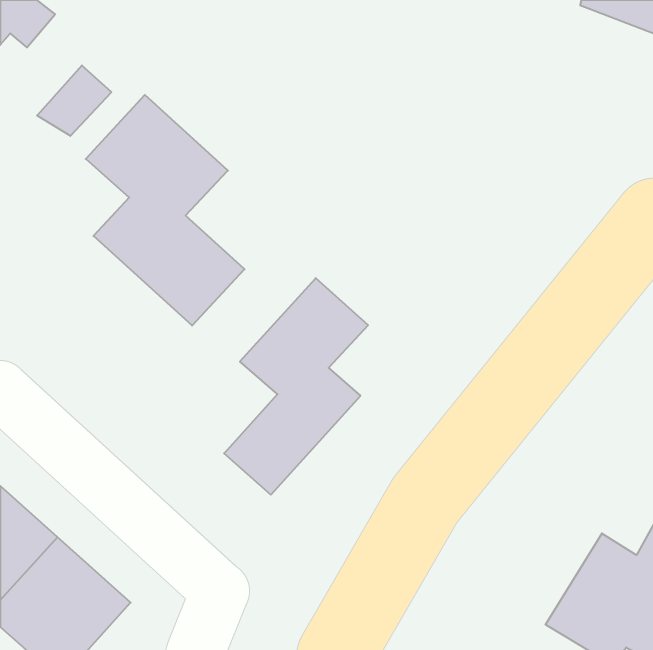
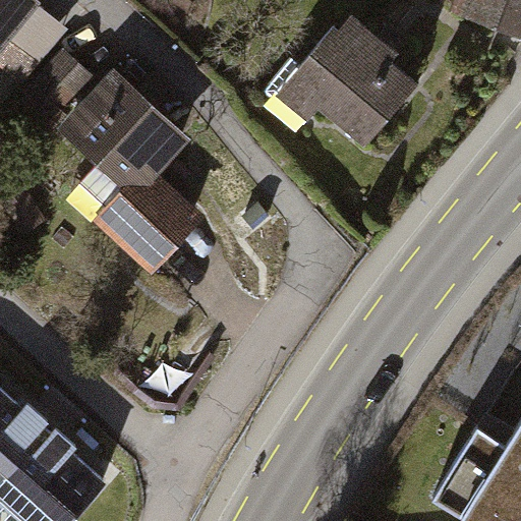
building: none -> [266,19,415,139]
building: [224,278,368,495] -> none

